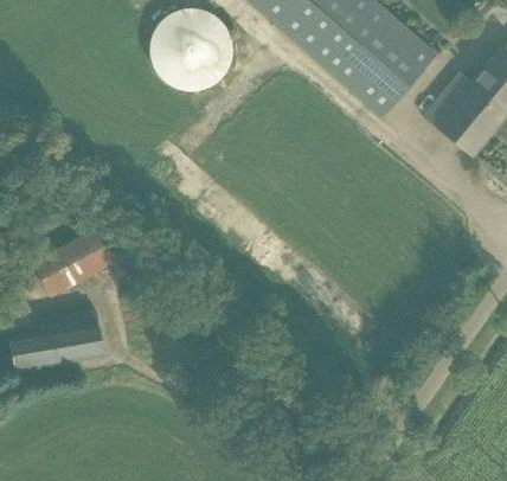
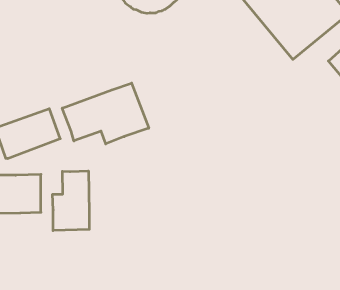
building: none -> [62,83,149,144]
building: none -> [53,171,89,231]

